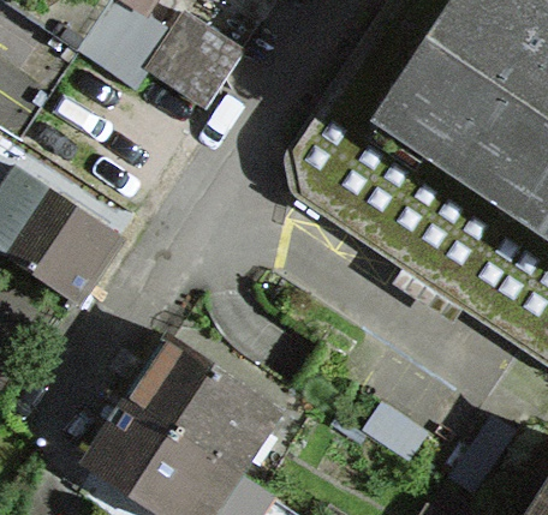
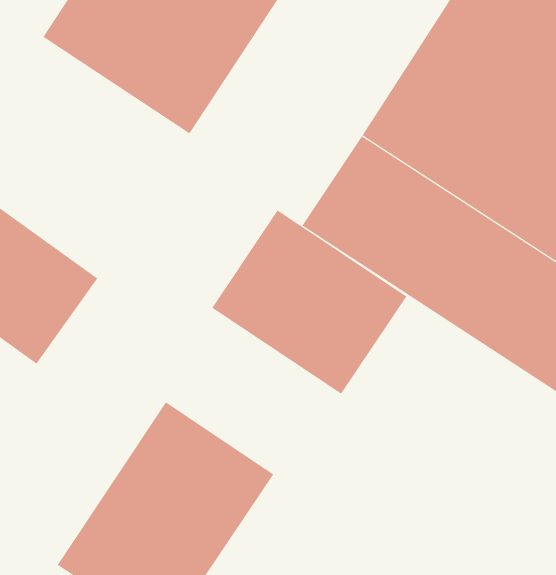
building: none -> [212,210,407,395]

